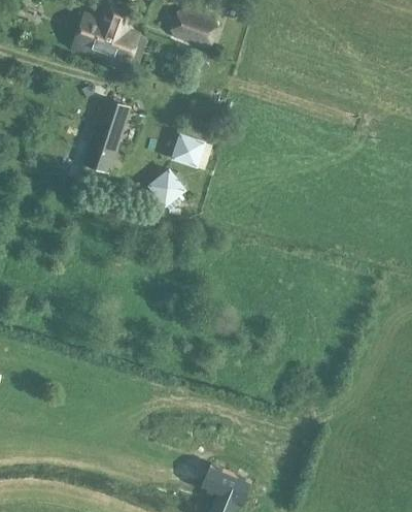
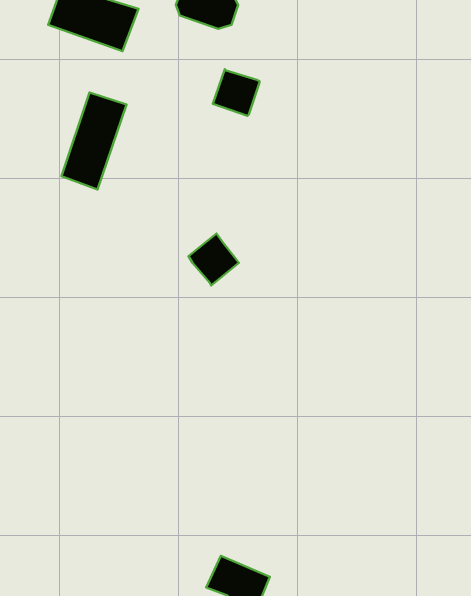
building: [170,133,206,169] -> [213,69,259,116]
building: [147,168,186,209] -> [189,234,239,285]

